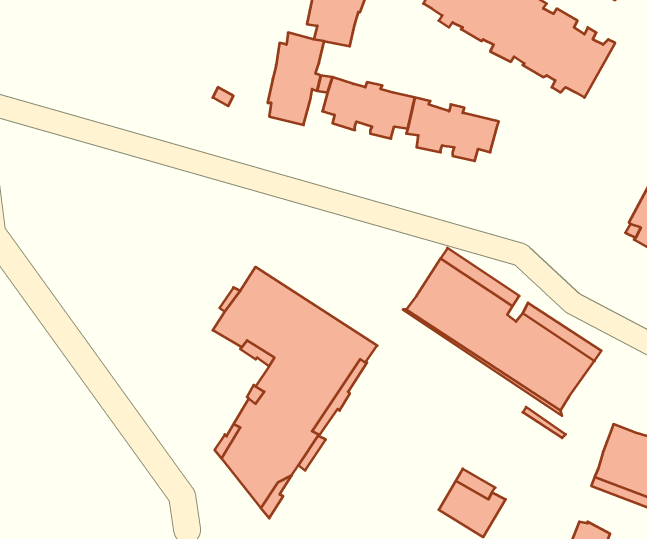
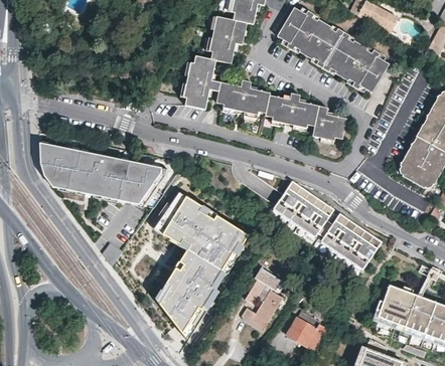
building: none -> [315,109,342,138]
building: none -> [37,145,160,207]
building: none -> [241,266,283,330]

